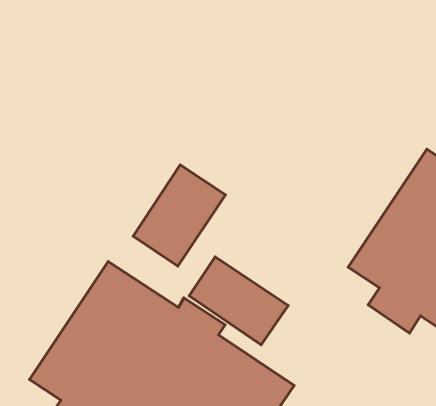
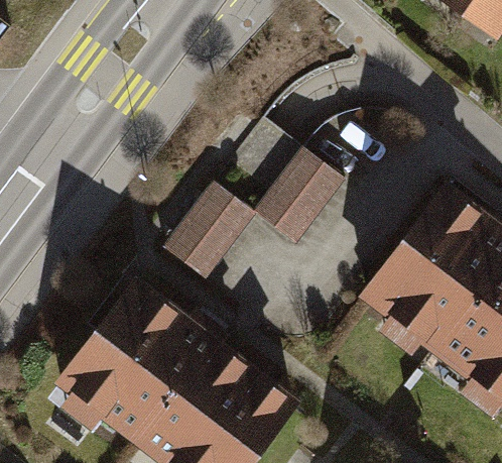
building: none -> [251,147,343,244]
building: [189,257,288,345] -> none

